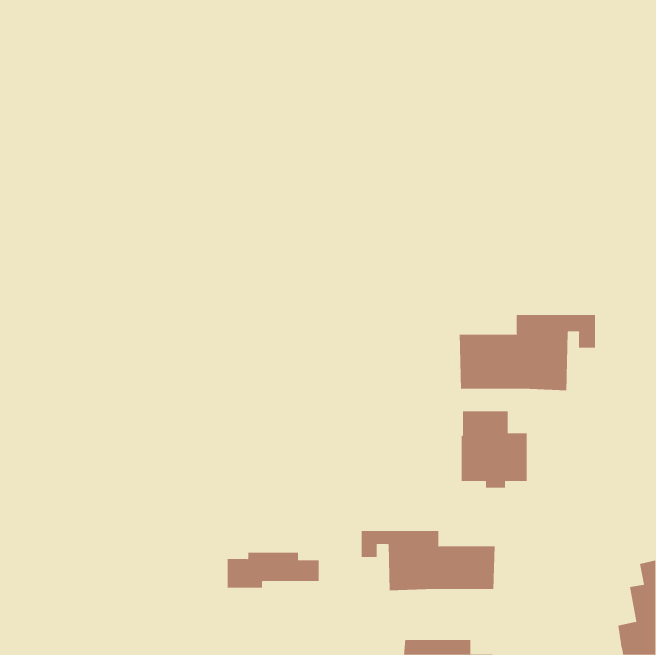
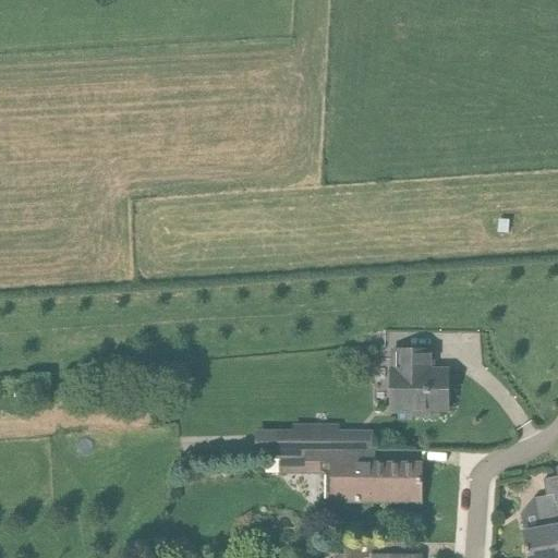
building: [459,314,596,391] -> none
building: [227,552,319,588] -> [276,425,354,456]

